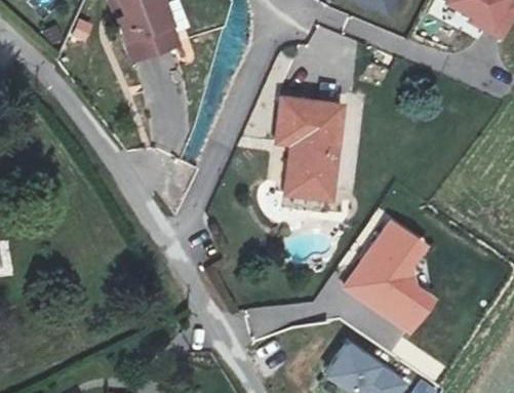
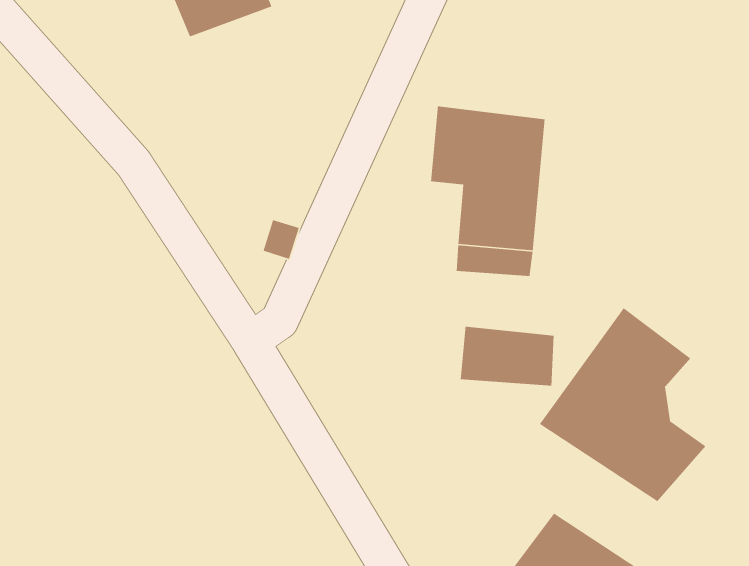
building: none -> [460,326,555,386]

